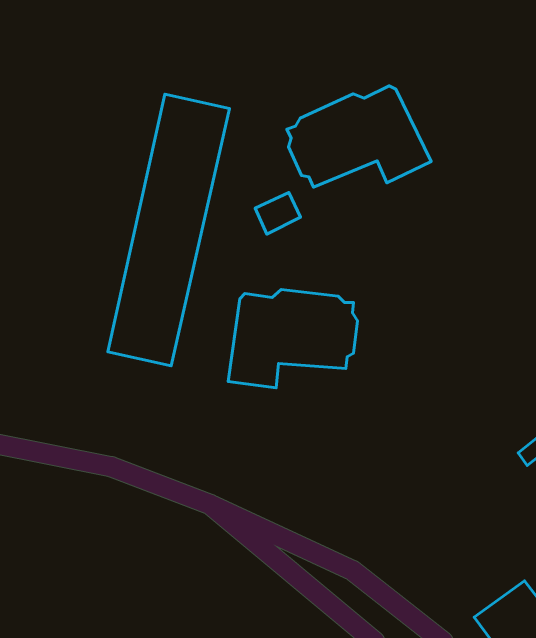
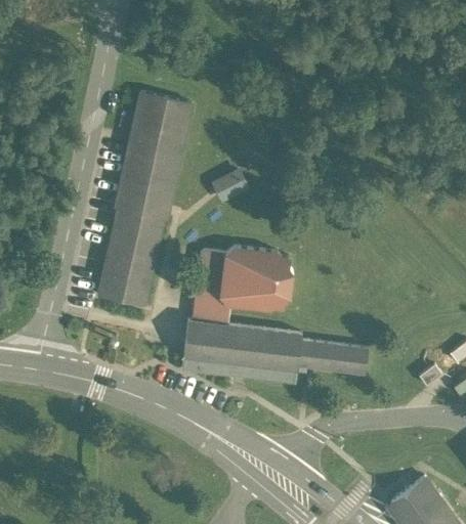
building: [287,86,431,187] -> none
building: none -> [183,319,368,386]

